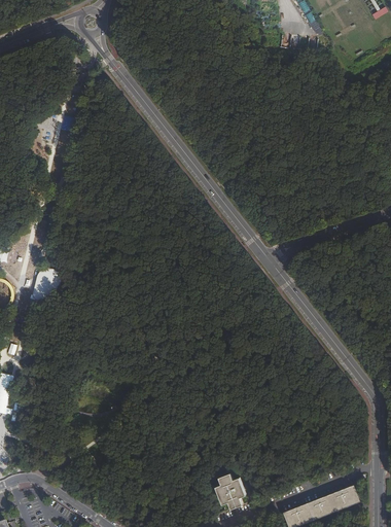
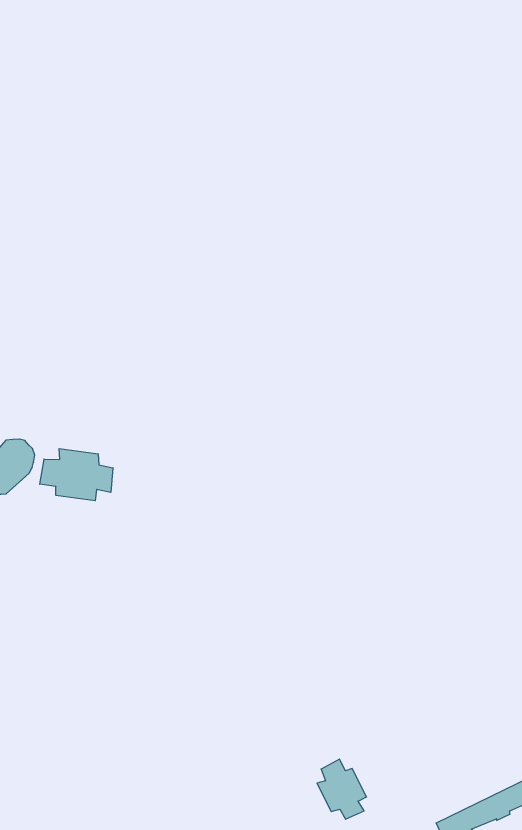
building: none -> [40,449,113,501]

